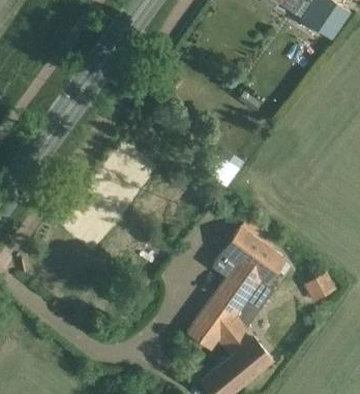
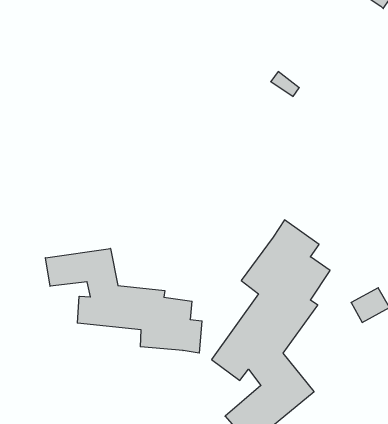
building: none -> [45,248,202,353]

